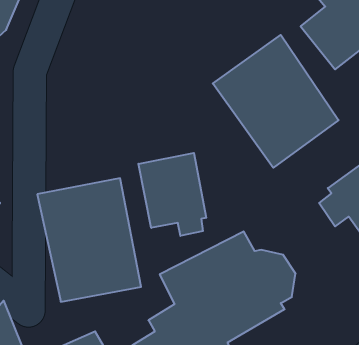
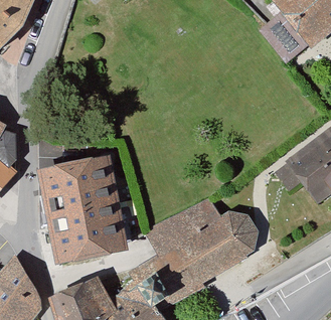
building: [213,35,339,168] -> none
building: [138,153,206,236] -> none

